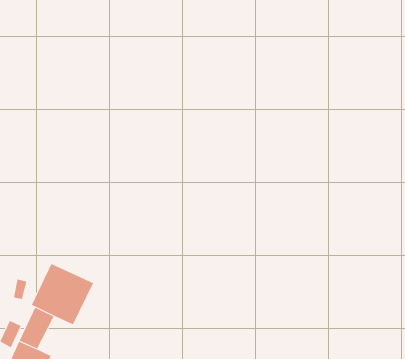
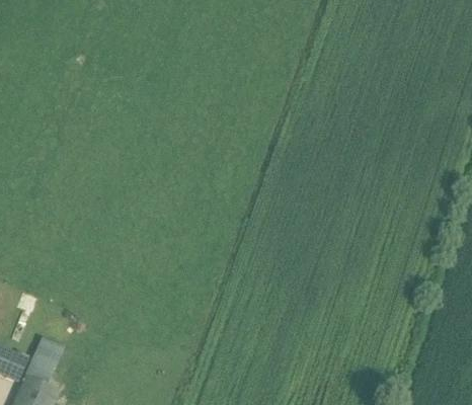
building: [31,263,94,325] -> none

